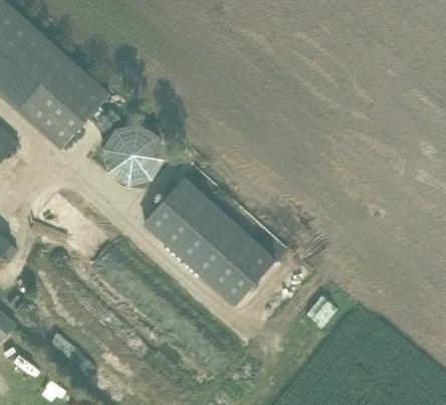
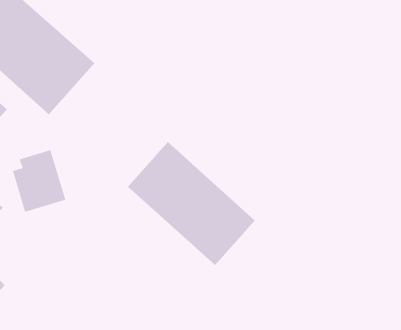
building: [95,121,152,186] -> [12,150,66,212]

